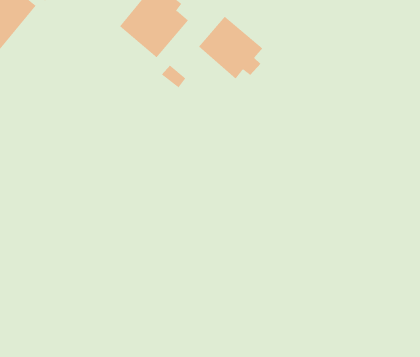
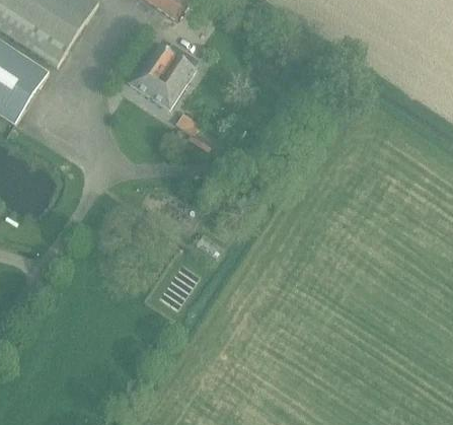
building: [198,16,263,80] -> none

